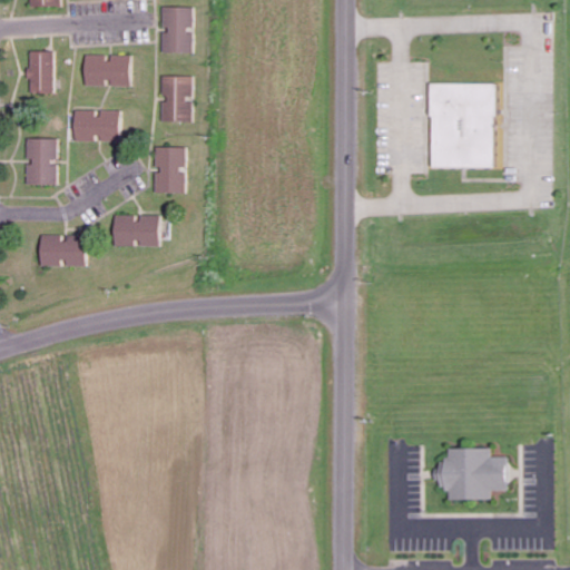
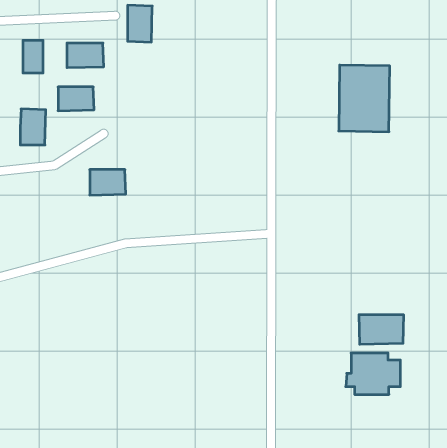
building: [160,76,191,122] -> none
building: [155,147,186,193] -> none
building: [40,236,85,266] -> none
building: none -> [359,315,403,344]

